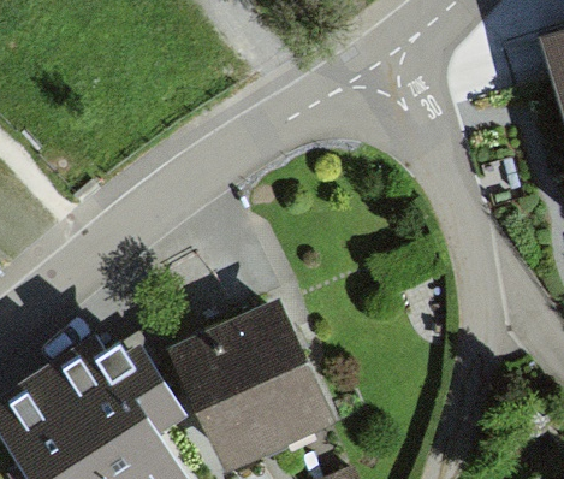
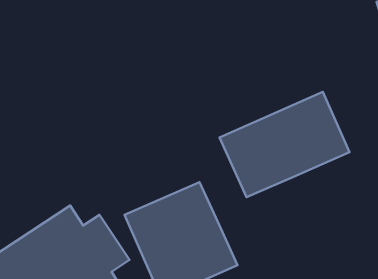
building: none -> [219,92,350,197]

